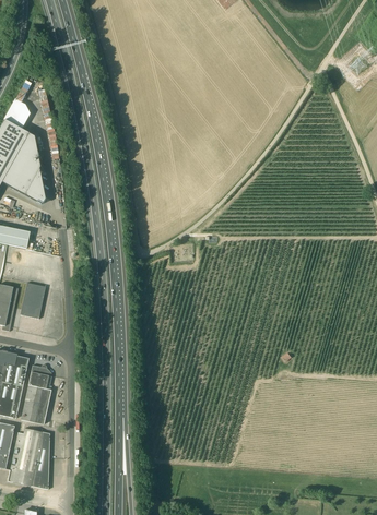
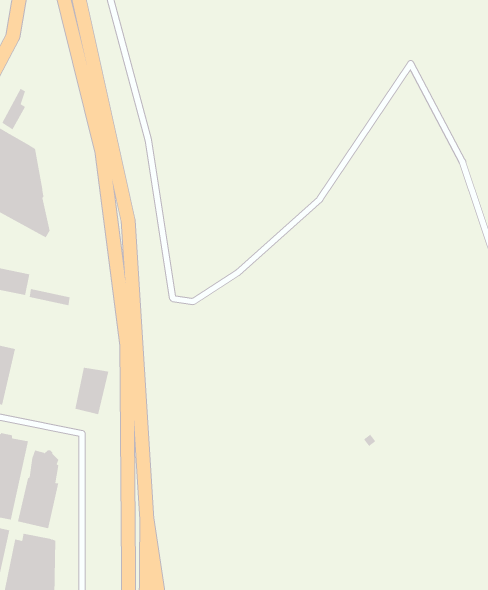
building: [20,283,46,319] -> [74,367,109,415]

